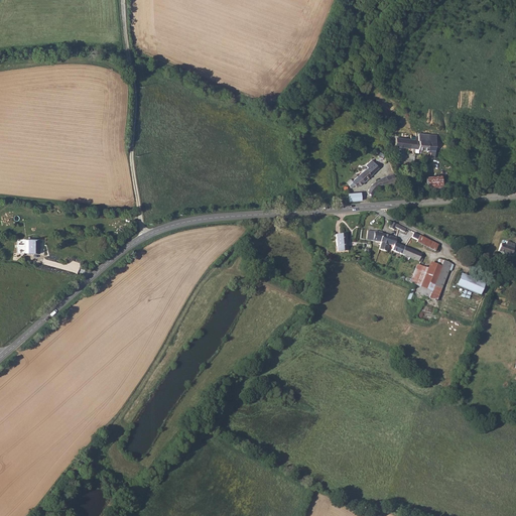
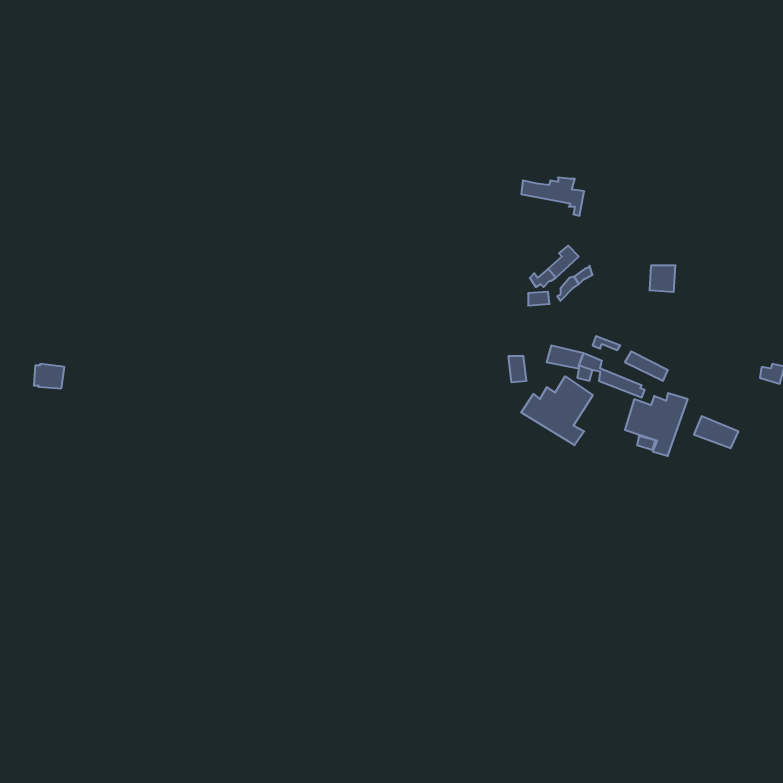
building: [396,135,437,160] -> [521,177,584,216]
building: none -> [521,376,593,445]

